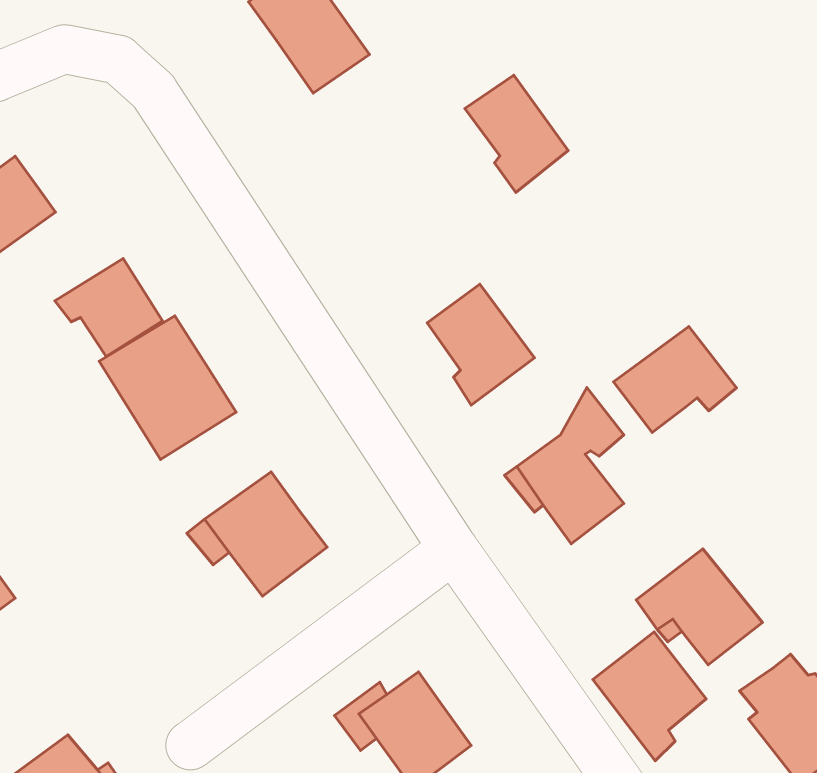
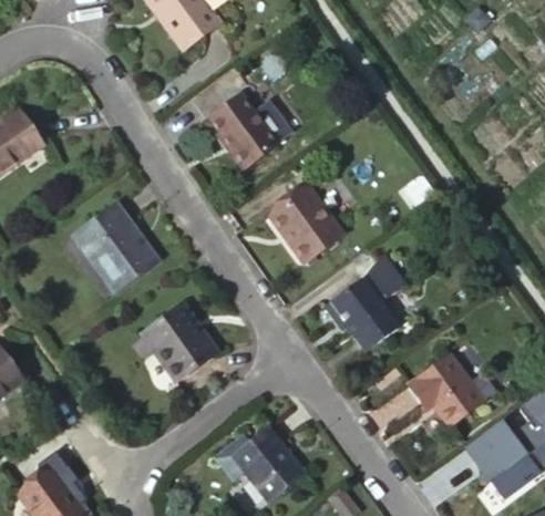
building: [465,75,568,193] -> [212,94,277,168]
building: [55,259,162,356] -> none
building: [613,326,737,432] -> none
building: [593,632,706,761] -> none

